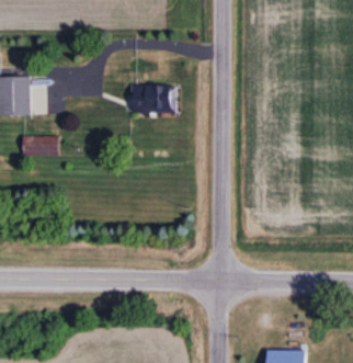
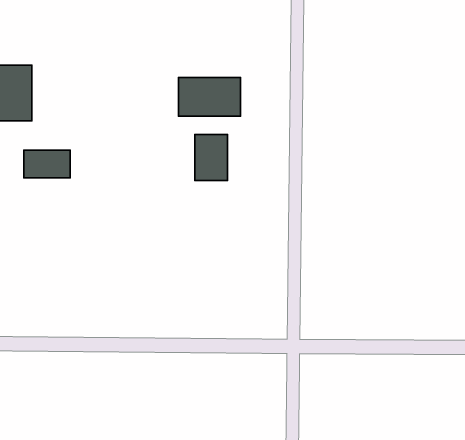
building: none -> [195,134,227,180]

